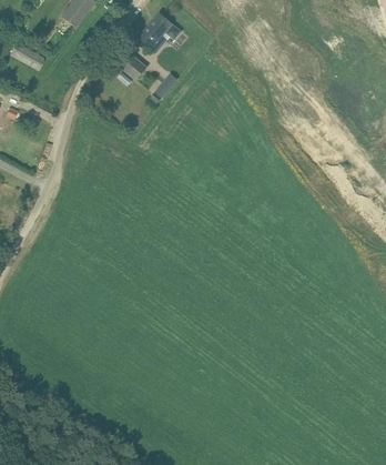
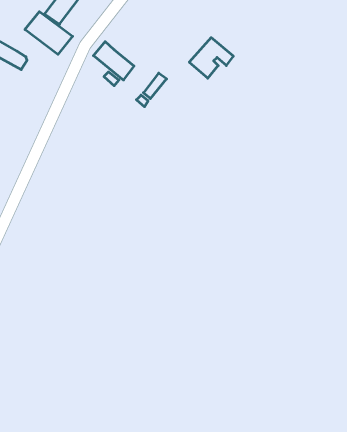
building: [139,13,181,52] -> [189,38,233,78]
building: none -> [25,12,73,54]

